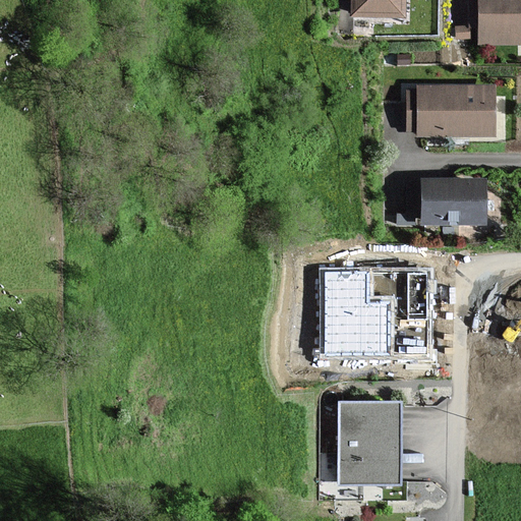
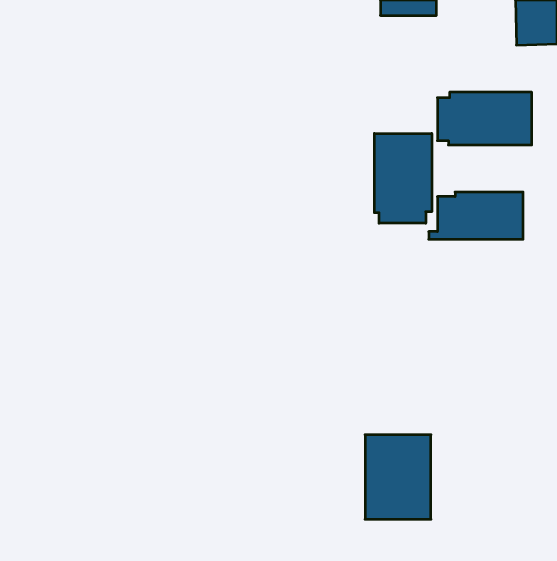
building: none -> [374,133,432,223]
building: [322,271,425,354] -> none

